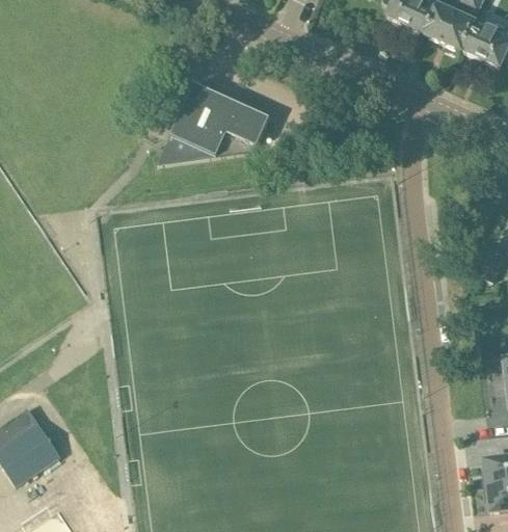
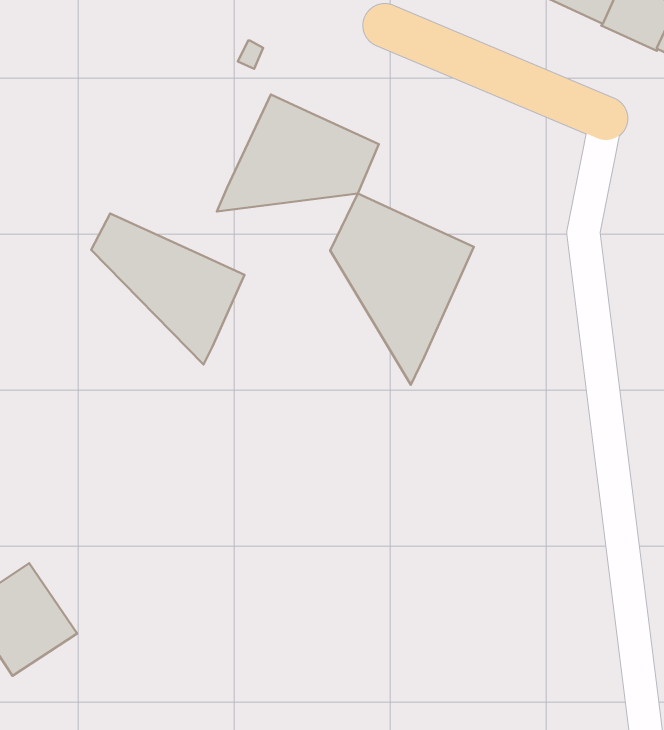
building: none -> [330,194,474,385]
building: none -> [91,213,244,365]

